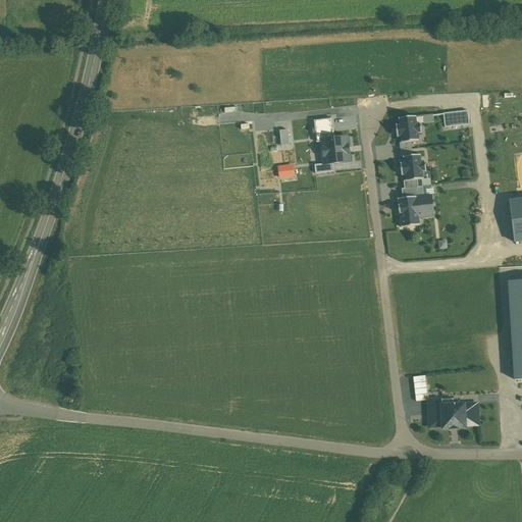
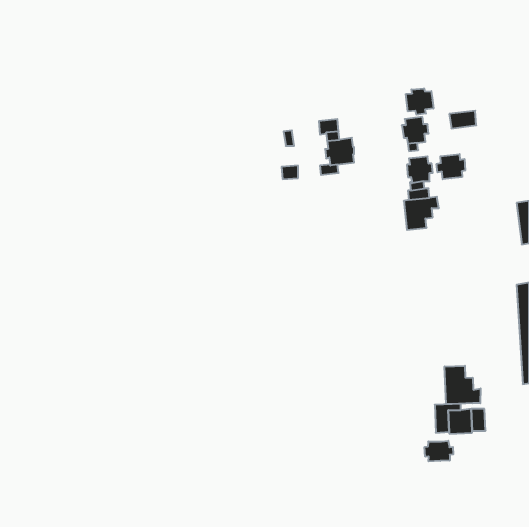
building: none -> [406,88,433,115]
building: none -> [437,154,465,179]
building: none -> [445,366,481,404]
building: none -> [425,441,453,461]

